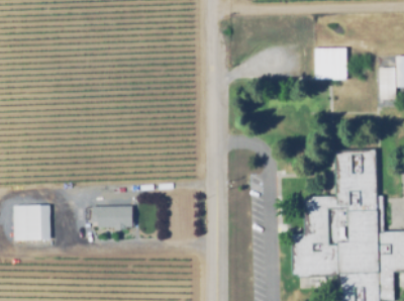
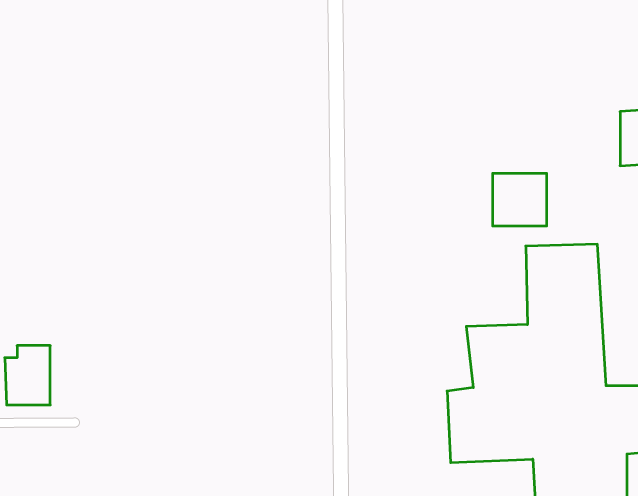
building: [323,52,355,82] -> [493,173,547,226]
building: [94,207,142,228] -> none

